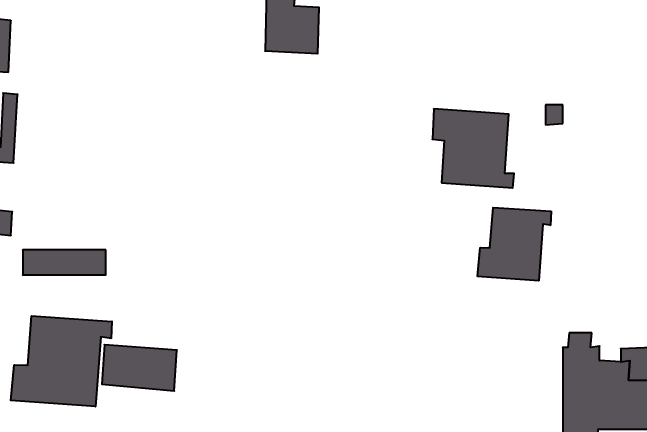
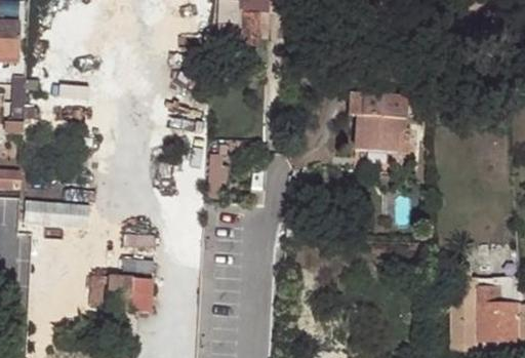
building: [478,208,551,281] -> none
building: [11,316,112,407] -> none

